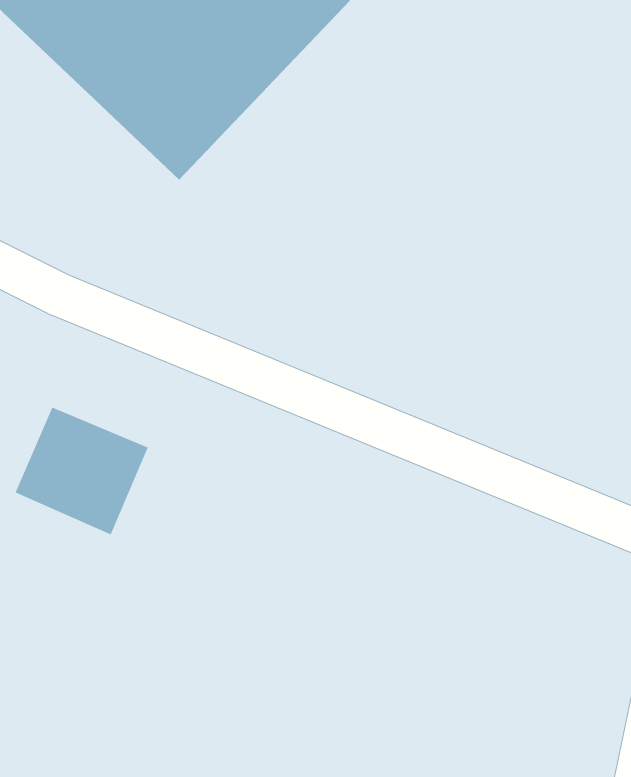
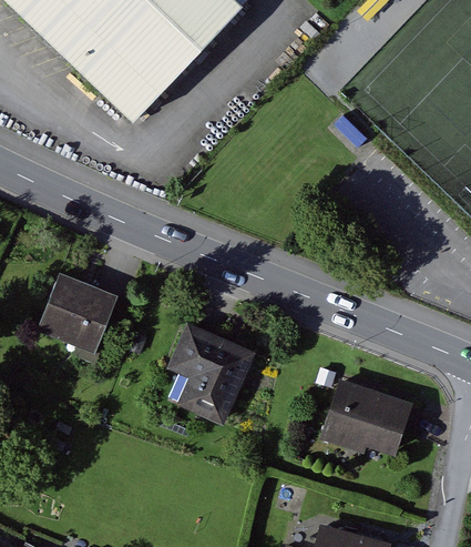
building: none -> [163,325,250,426]
building: none -> [320,381,413,460]

